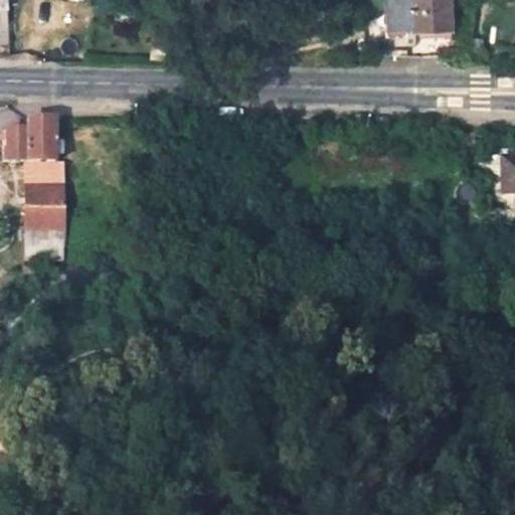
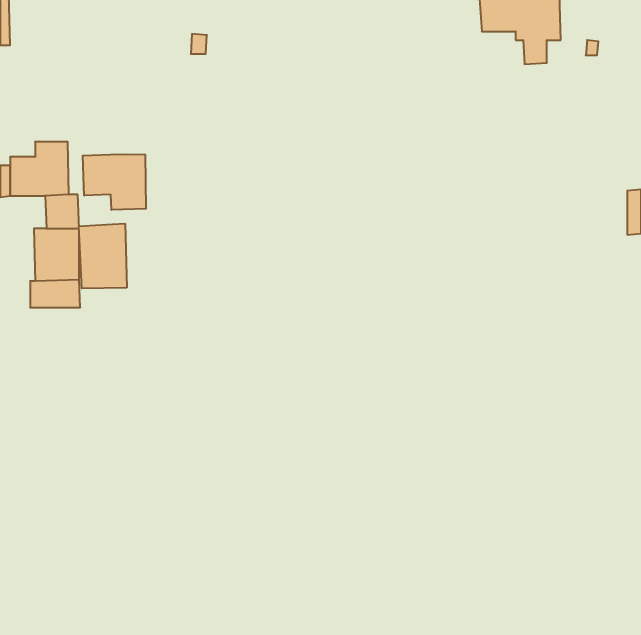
building: none -> [83,154,146,210]
building: none -> [79,224,127,288]

